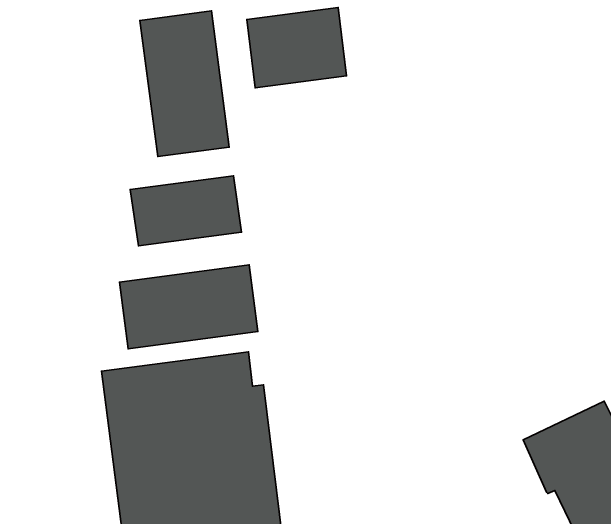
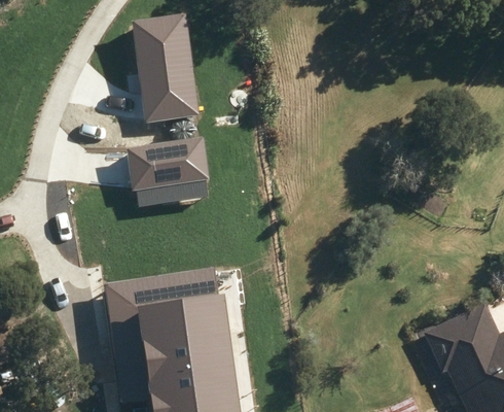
building: [247,7,347,88] -> none
building: [120,265,258,349] -> none

